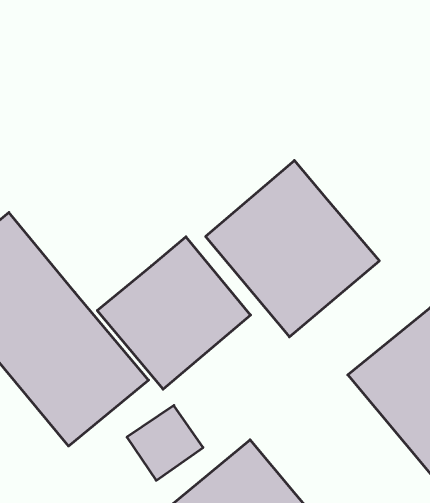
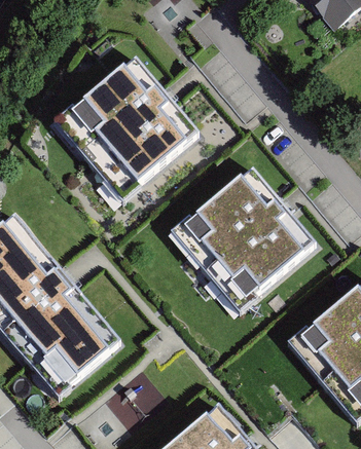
building: none -> [56,54,200,198]
building: [97,237,251,389] -> none

